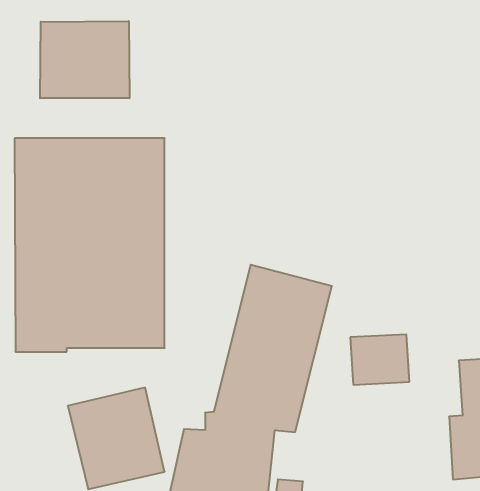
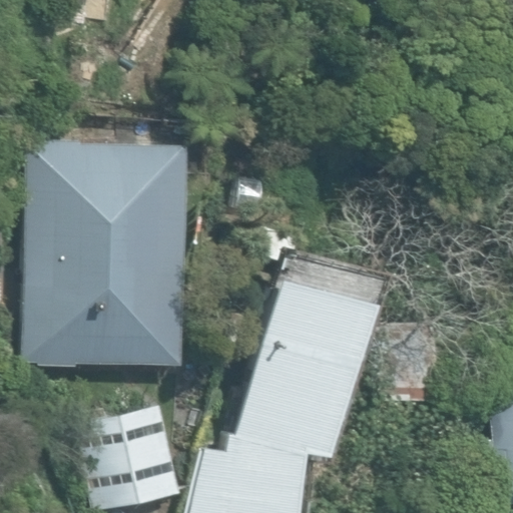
building: [40,21,129,98] -> none

